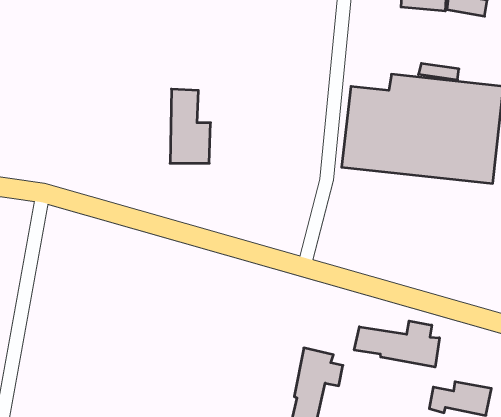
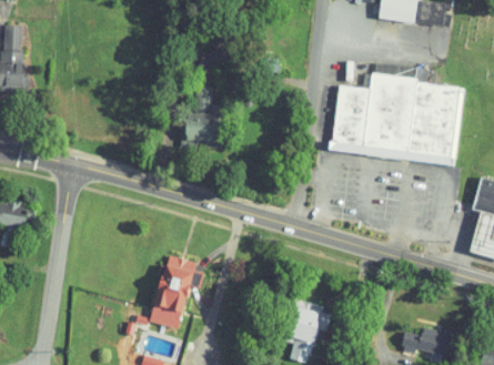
building: none -> [150,255,203,328]
building: [354,321,439,367] -> none

